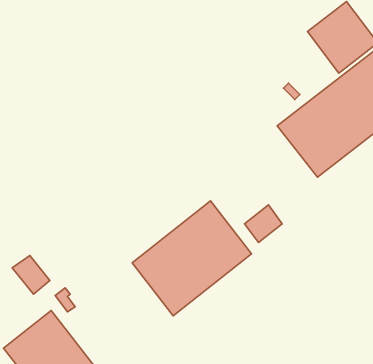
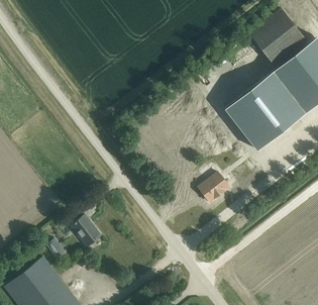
building: [132,201,251,316] -> none
building: [12,255,50,294] -> [71,215,101,246]

